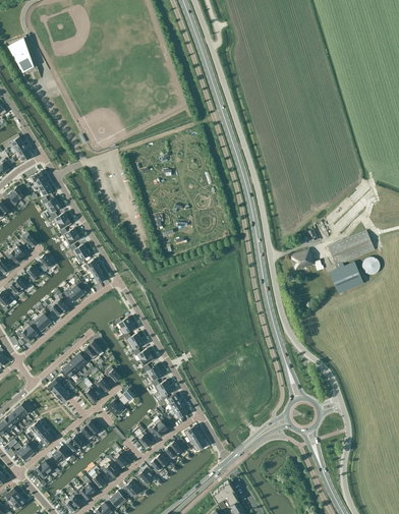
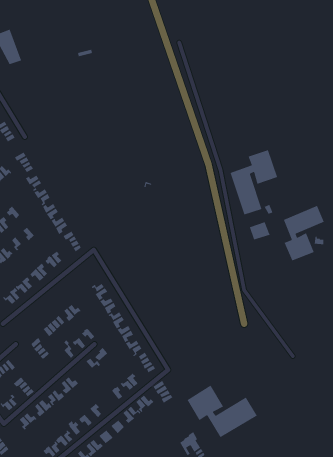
building: none -> [229,149,278,216]
building: none -> [187,385,258,438]

